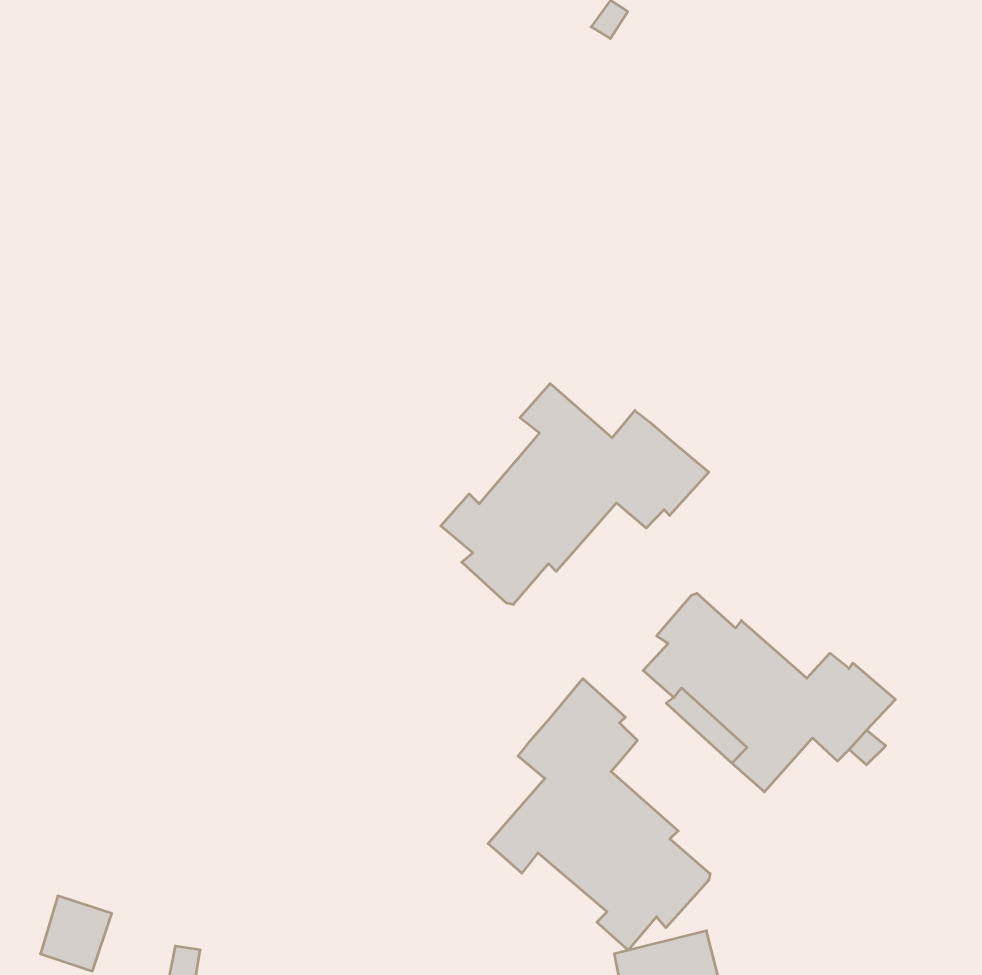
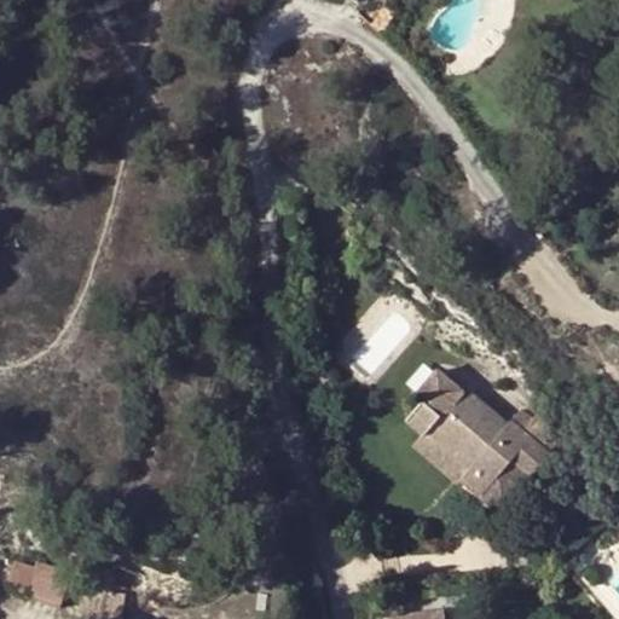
building: [441,384,709,605] -> none
building: [488,679,710,950] -> none

